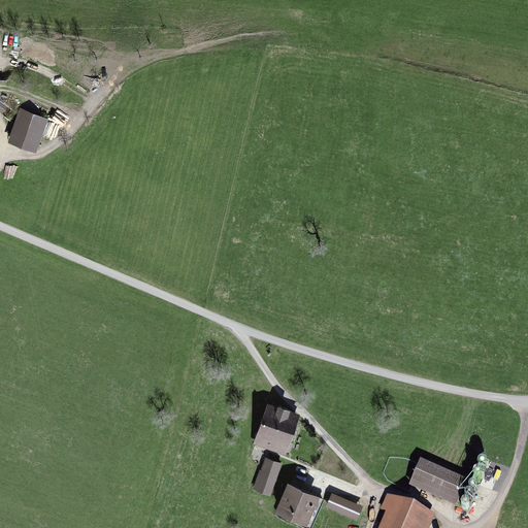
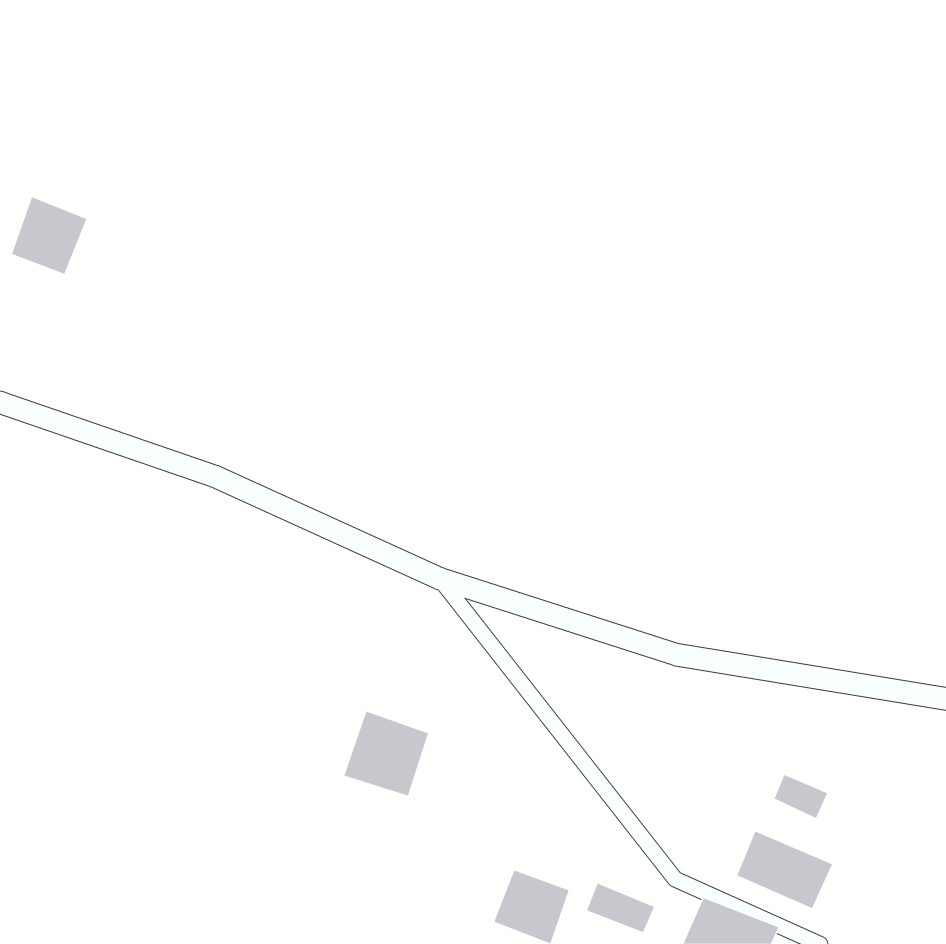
building: [254,405,301,453] -> [343,711,429,796]
building: none -> [774,774,828,819]
building: [253,459,282,497] -> none

